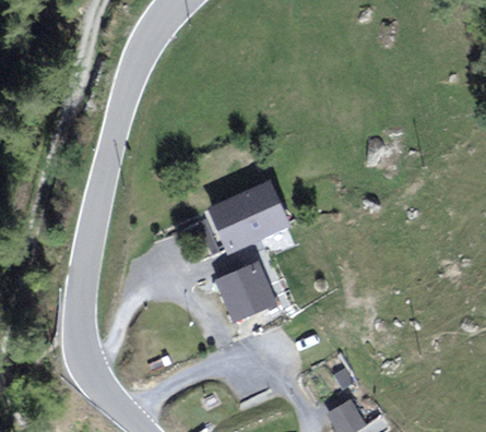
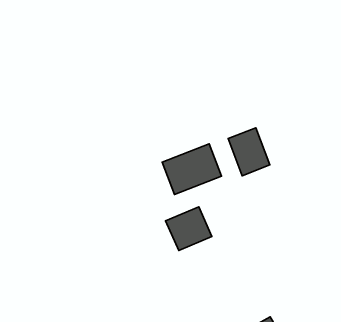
building: none -> [228,128,270,176]

